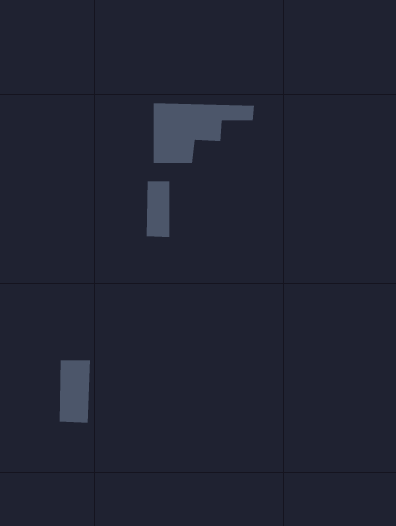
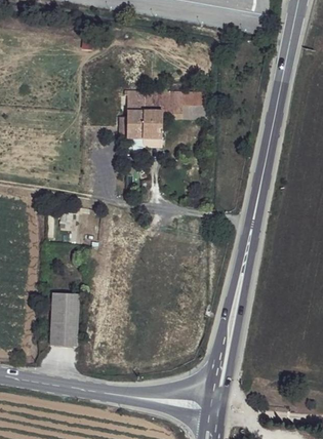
building: [146,181,170,238] -> none

